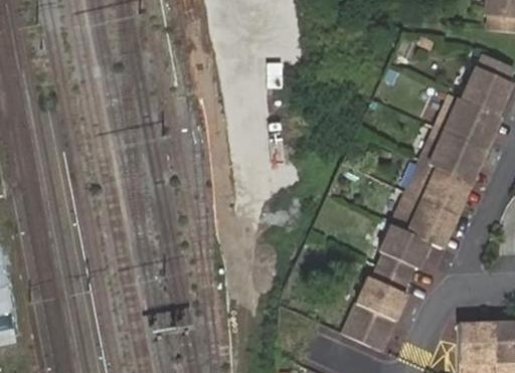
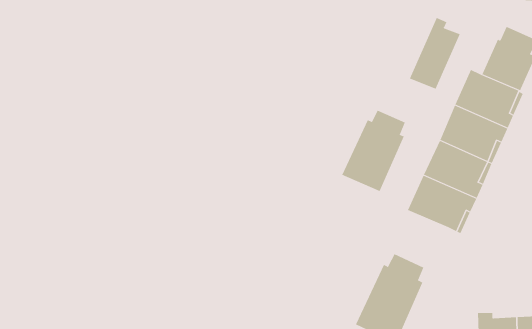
building: none -> [409,17,460,90]
building: none -> [341,110,406,192]
building: [380,227,431,281] -> none

